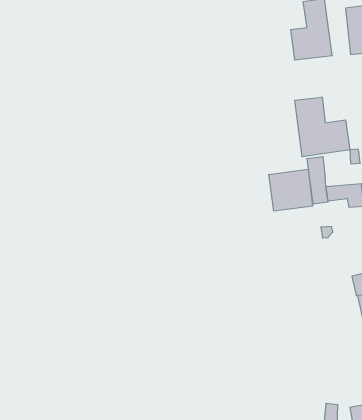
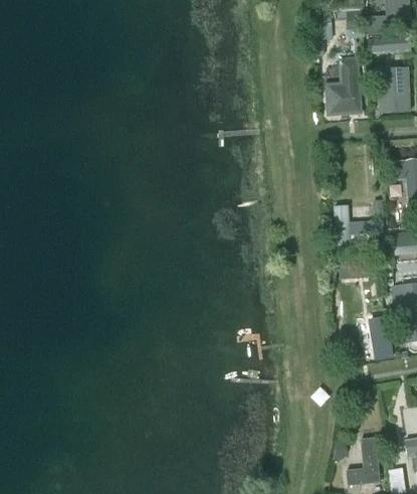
building: [295,97,350,157] -> none
building: [269,169,313,211] -> none

